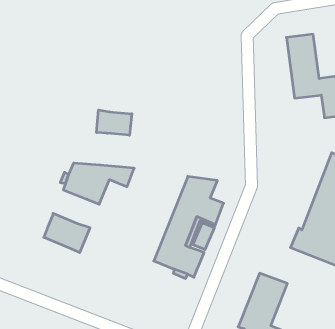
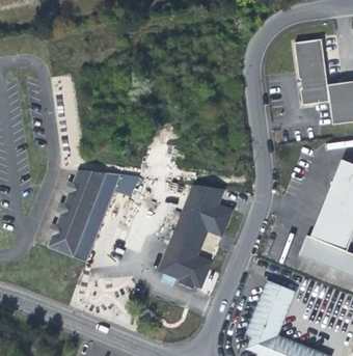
building: [97,110,132,135] -> none
building: none -> [57,197,104,236]

